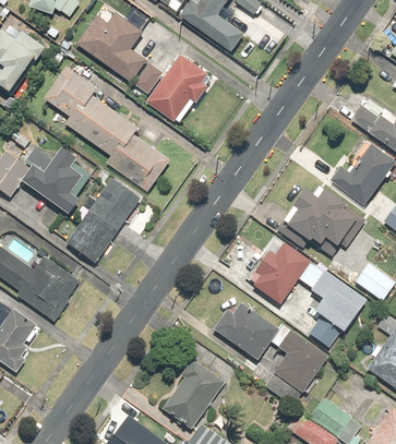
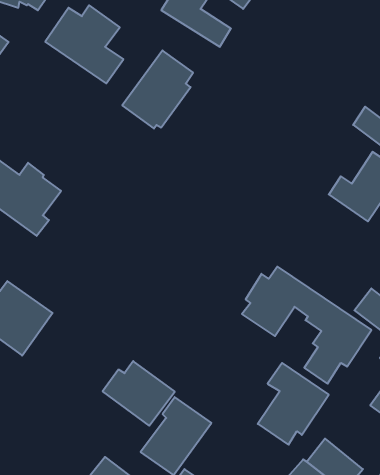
building: [135,60,163,91] -> none
building: [45,65,169,191] -> none
building: [65,178,143,266] -> none
building: [288,192,364,250] -> none
building: [215,304,279,362] -> [103,361,175,426]

